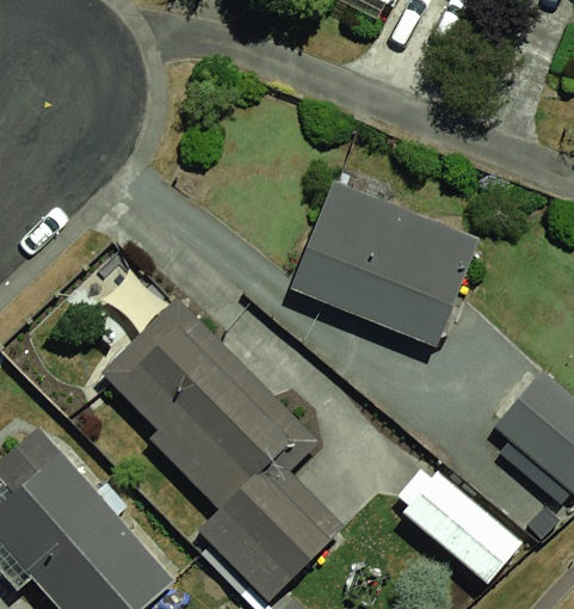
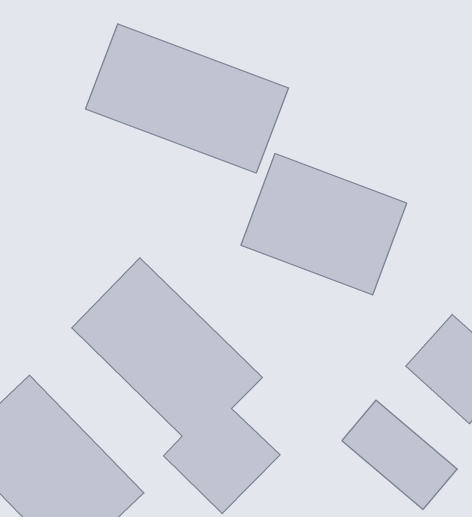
building: none -> [85,24,289,173]

